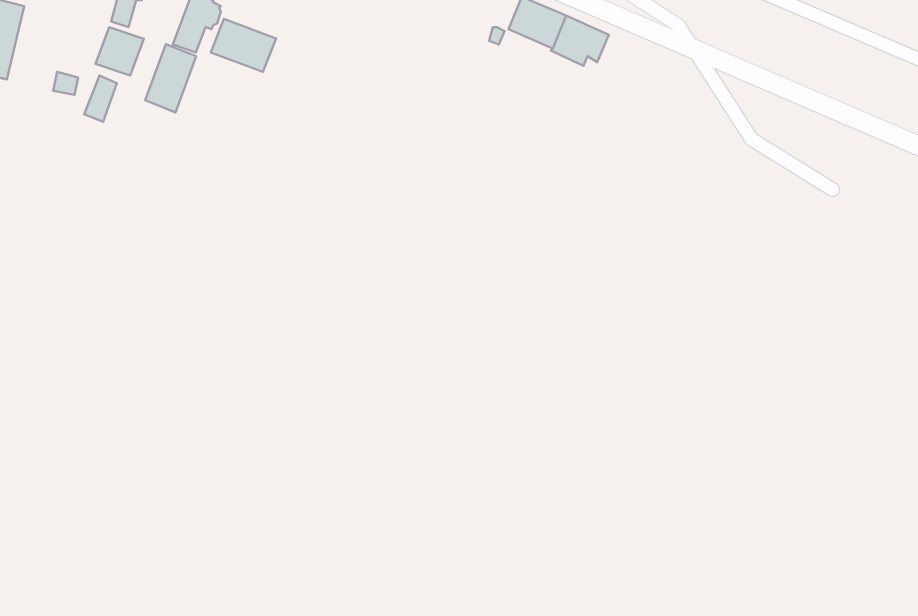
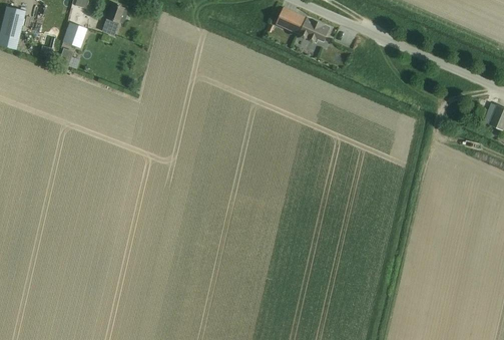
building: [211,19,276,72] -> none
building: [145,44,196,112] -> none

